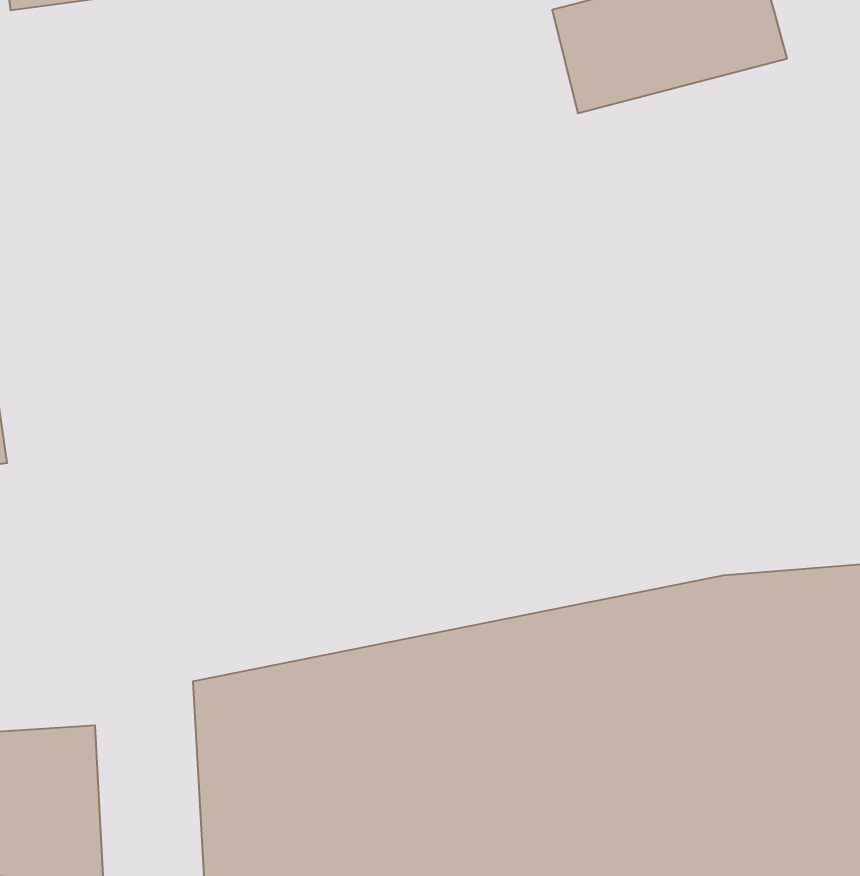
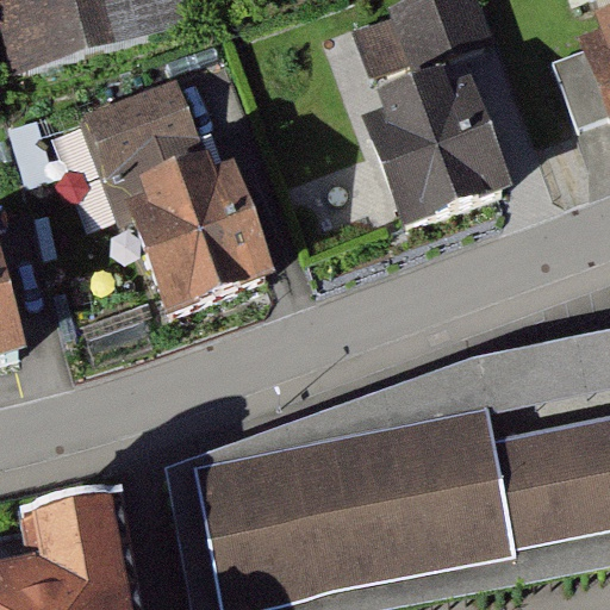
building: none -> [87,86,257,312]
building: none -> [366,89,518,249]

